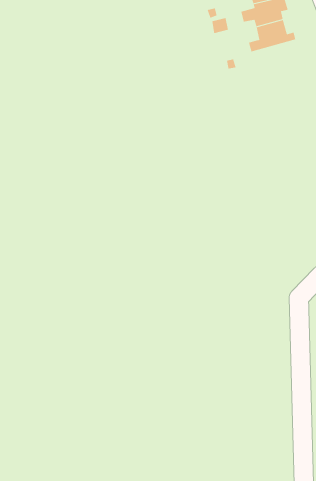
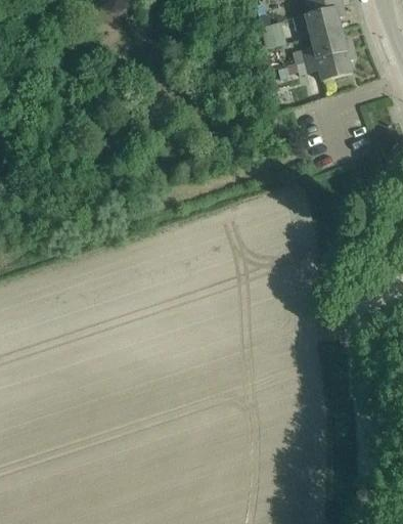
building: none -> [305,46,356,80]

